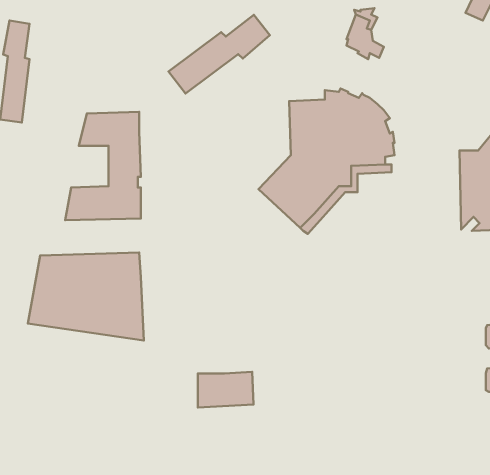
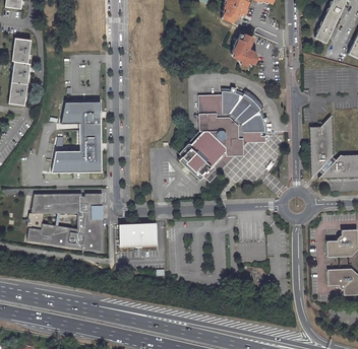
building: [169,15,270,93] -> none
building: [198,372,254,407] -> [121,224,158,248]

